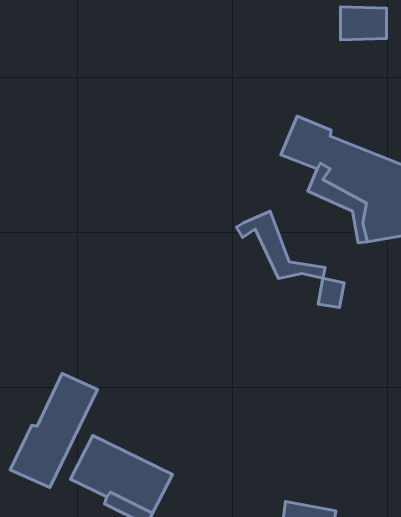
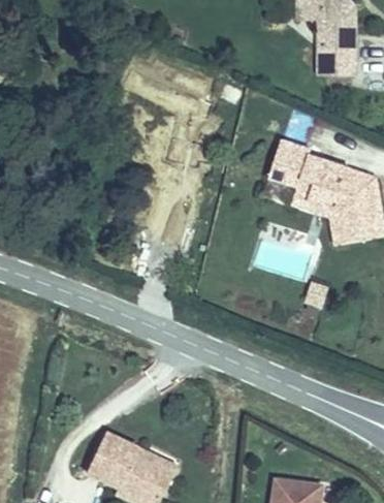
building: [236,211,325,278] -> none
building: [10,374,98,488] -> none

